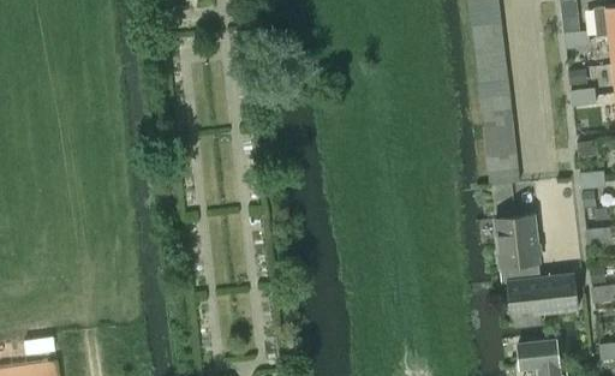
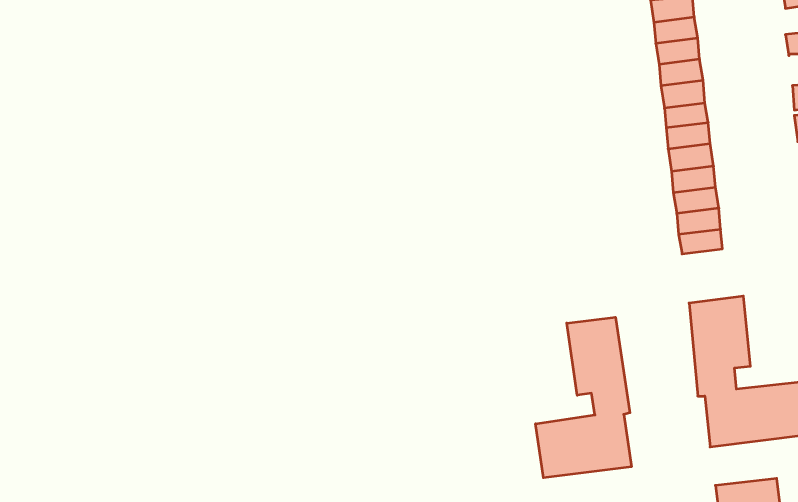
building: none -> [536,317,631,478]

